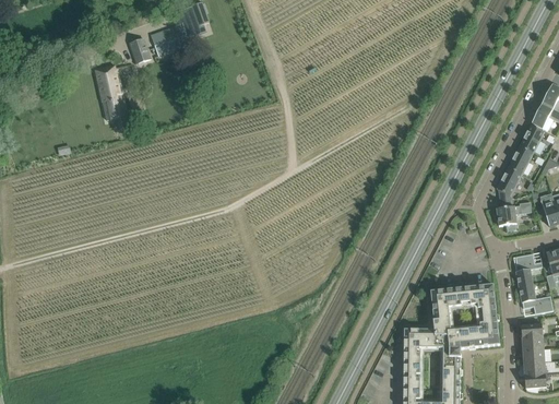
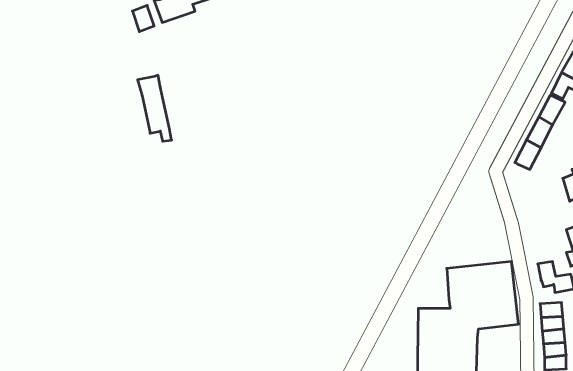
building: [95,64,128,128] -> [138,75,172,141]
building: [497,190,532,230] -> none
building: [515,253,543,286] -> none

